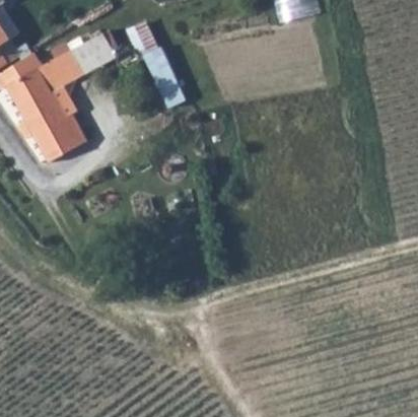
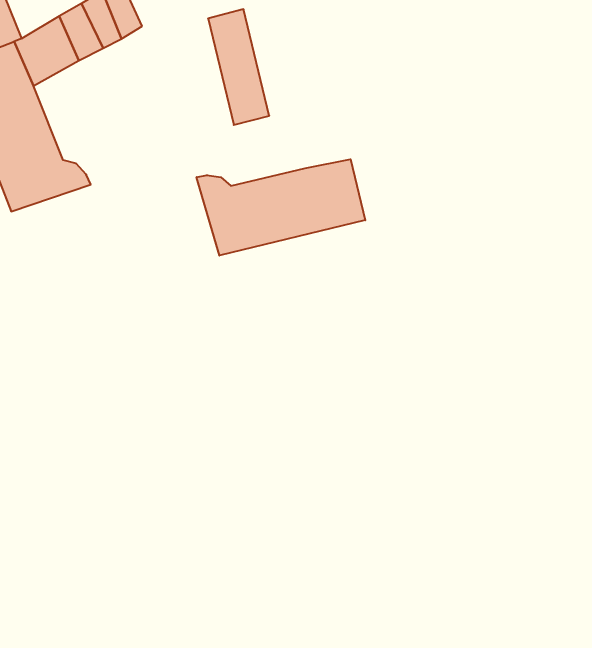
building: none -> [197,159,365,256]

